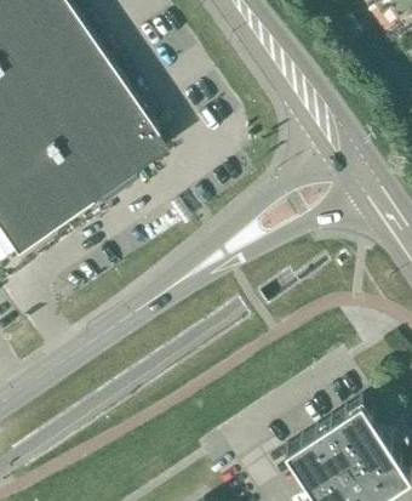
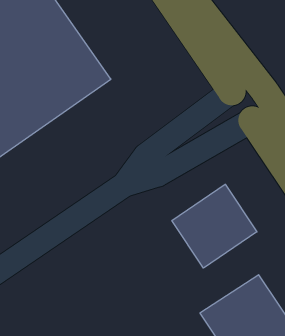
building: none -> [172,184,257,268]

